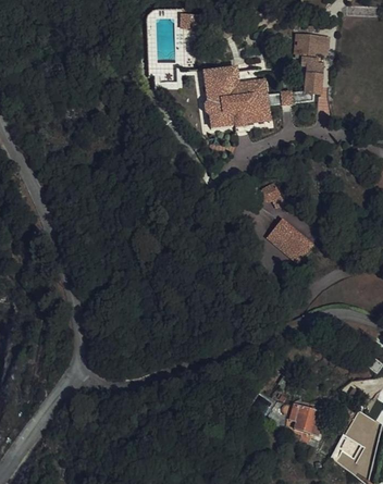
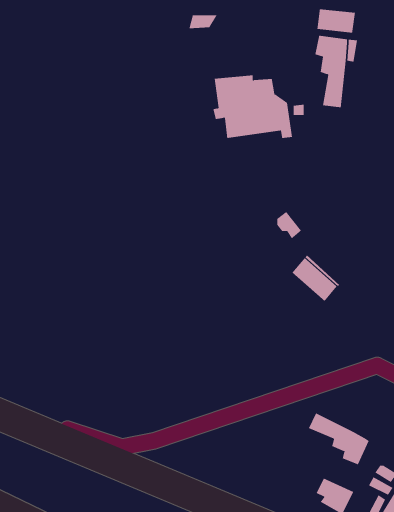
building: none -> [317,8,355,33]
building: none -> [308,413,370,465]

